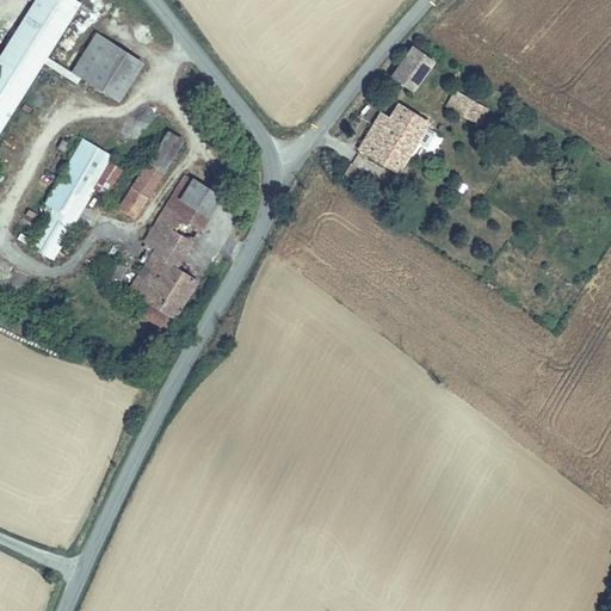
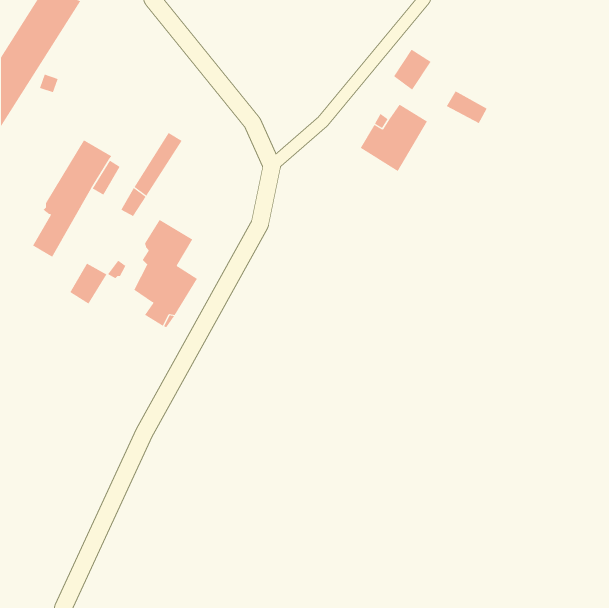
building: [72,32,142,100] -> none
building: [160,175,217,240] -> none
building: none -> [69,263,107,304]

